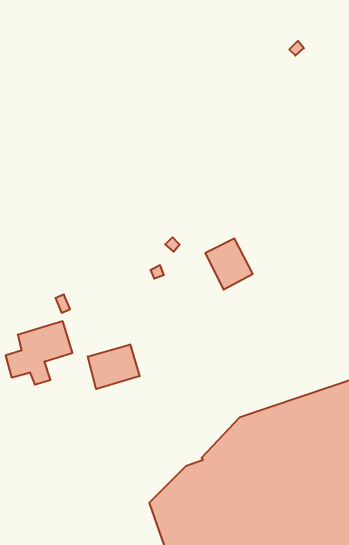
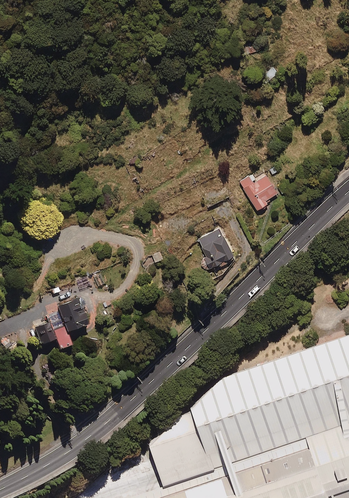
building: none -> [240,175,277,209]
building: [88,344,140,389] -> none

